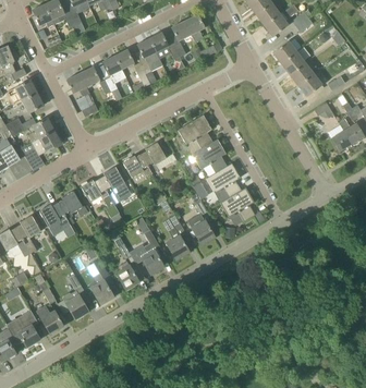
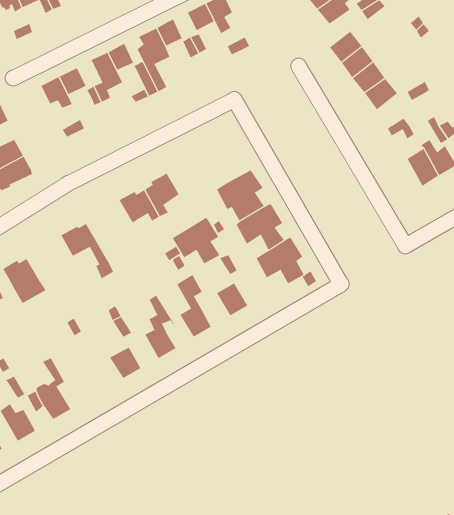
building: [178,114,212,148] -> [172,217,221,264]
building: [99,167,124,204] -> none
building: [57,191,88,219] -> none
building: [86,258,113,304] -> none

